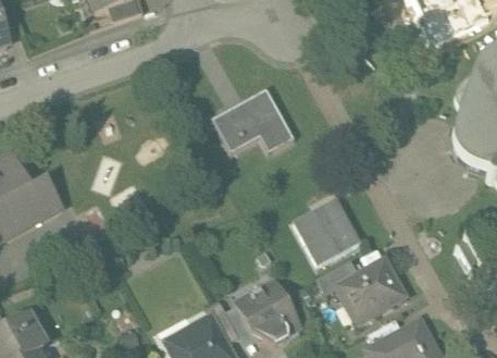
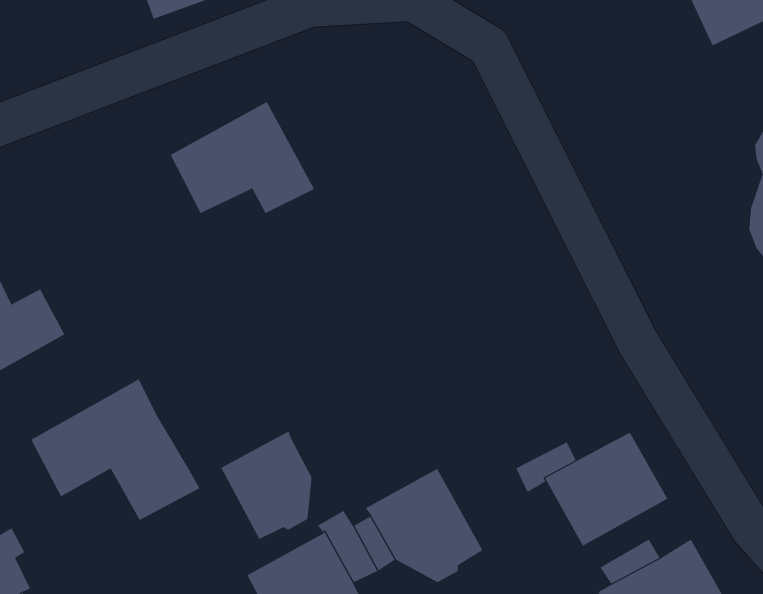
building: [212,86,295,150] -> [170,101,315,214]
building: [294,196,360,263] -> none
building: none -> [30,378,200,521]
building: none -> [220,430,312,540]

